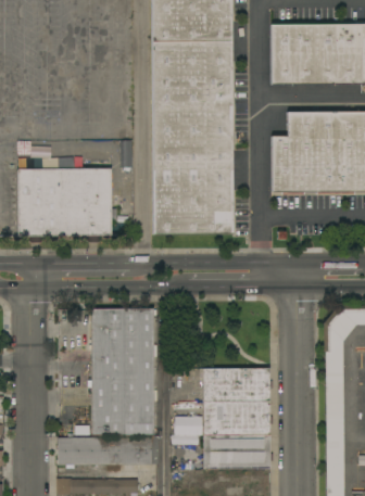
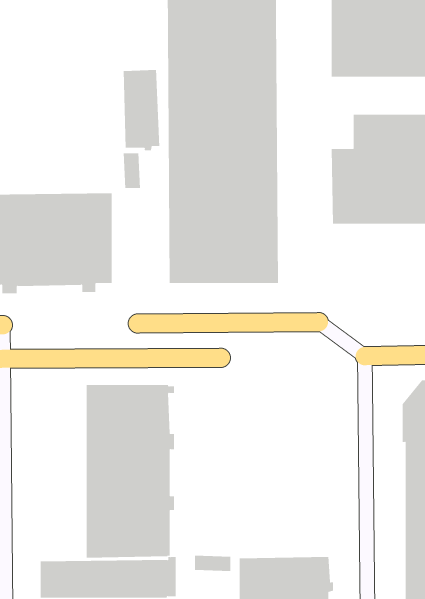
building: none -> [123,69,160,151]
building: [194,367,273,435] -> none

